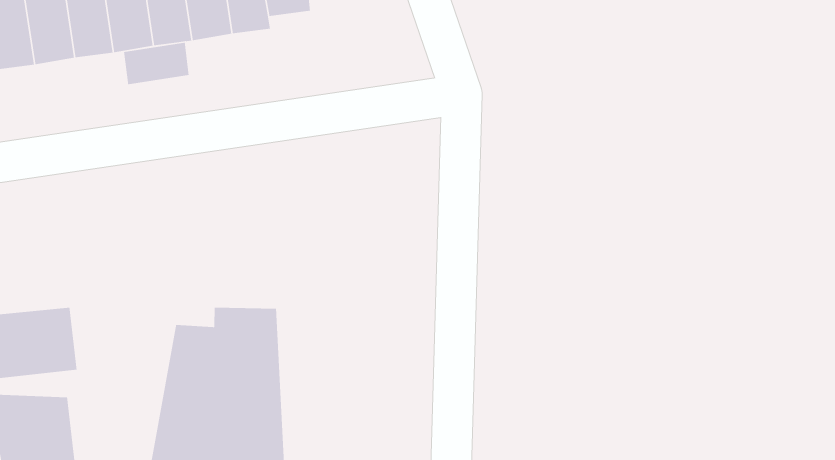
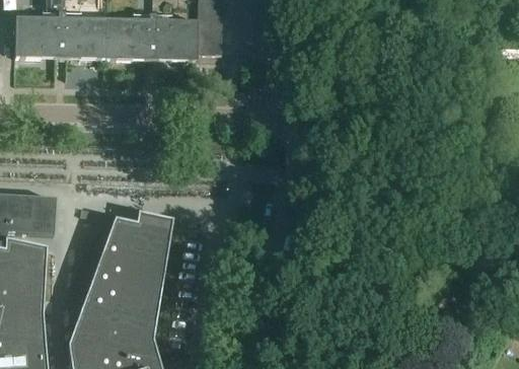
building: [123,42,190,85] -> none

